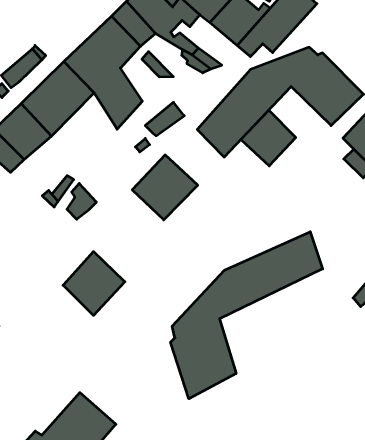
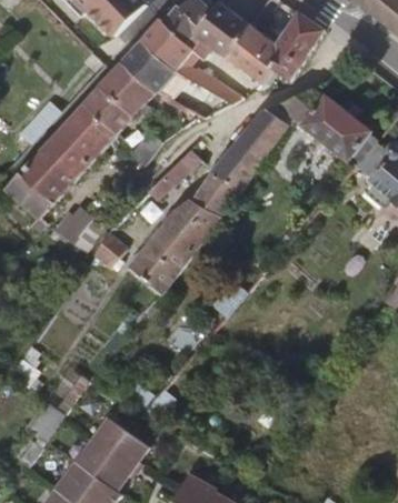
building: [241,110,296,166] -> [188,164,240,218]
building: [171,232,323,399] -> none
building: [63,252,125,315] -> [128,227,187,288]

